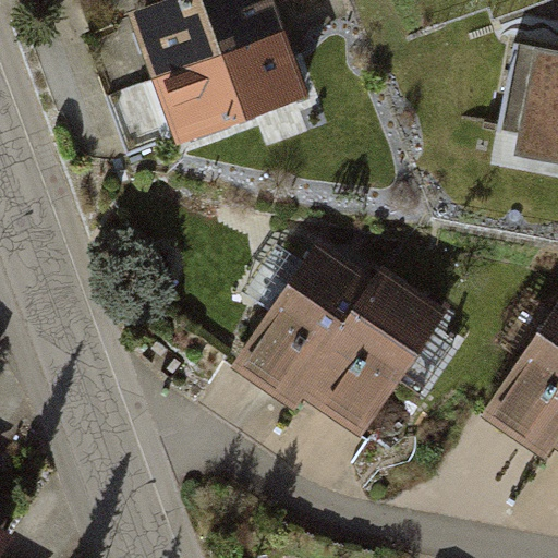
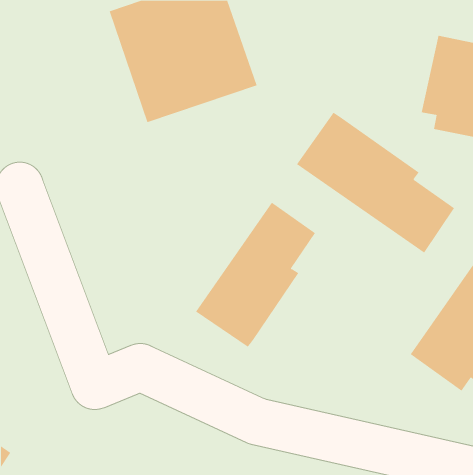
building: none -> [296,112,455,253]
building: [300,263,450,440] -> none

